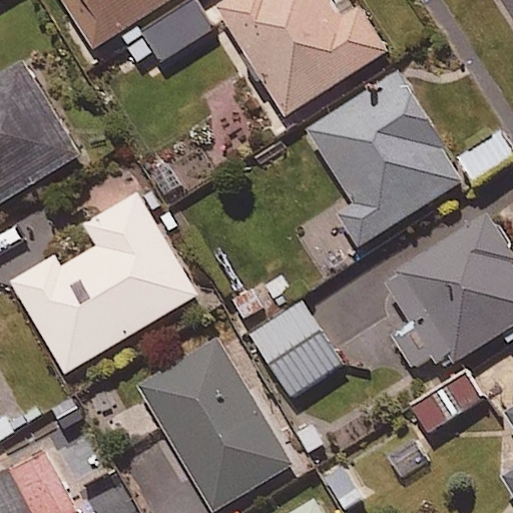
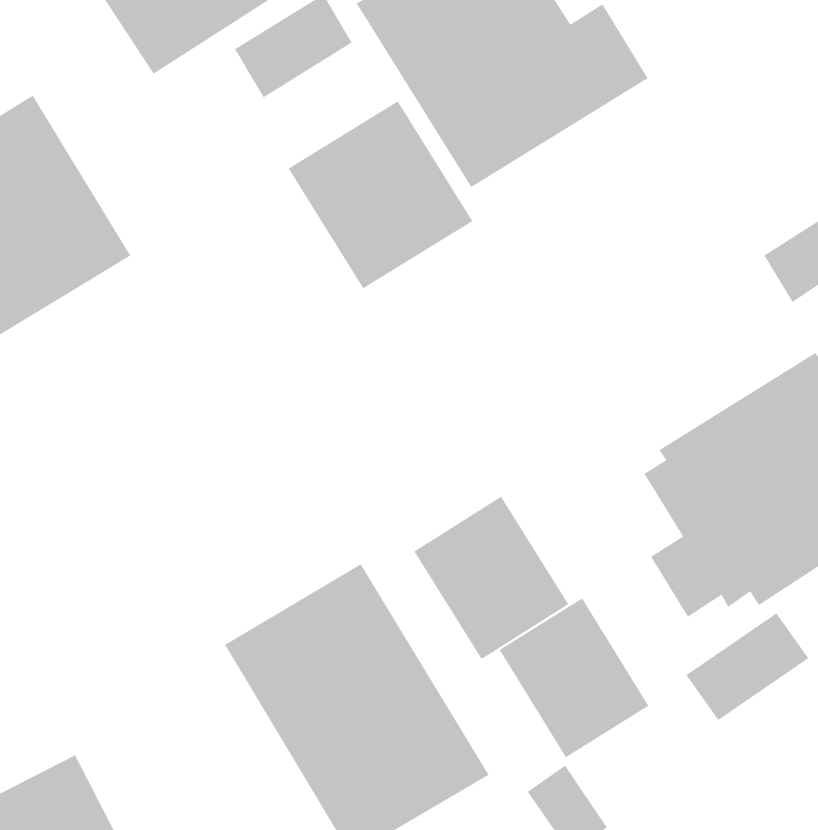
building: none -> [288,100,473,289]
building: [304,70,462,249] -> none
building: [10,193,198,374] -> none
building: none -> [499,597,649,758]

